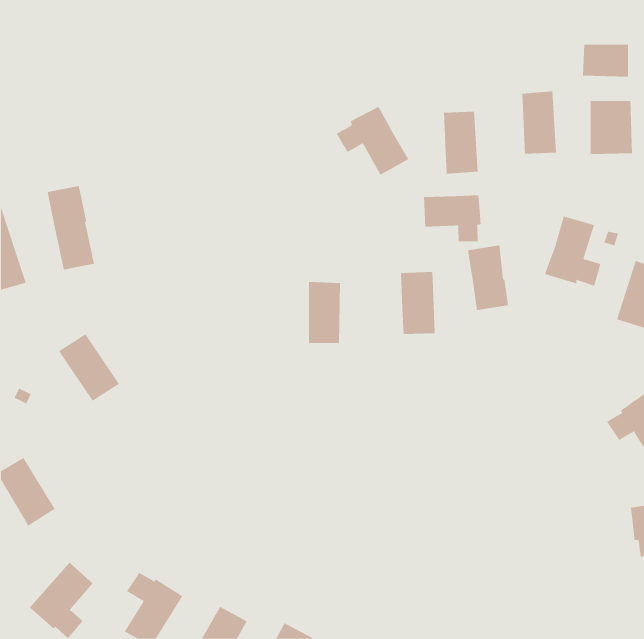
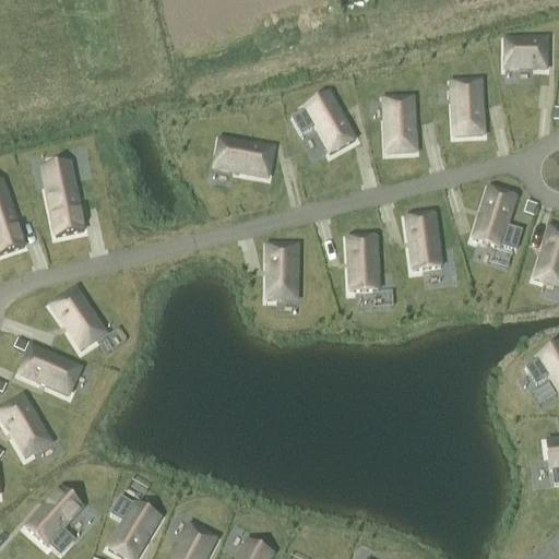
building: [590,100,632,155] -> none
building: none -> [215,138,272,175]
building: [424,194,481,242] -> none
building: none -> [20,346,80,393]

